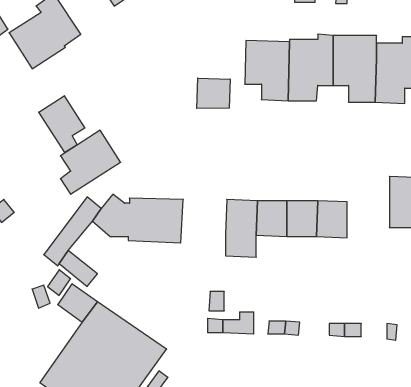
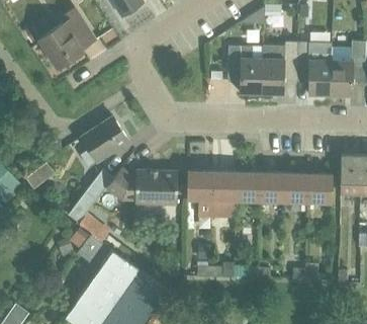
building: [197,78,230,108] -> none
building: [39,96,85,153] -> none
building: none -> [187,172,212,217]
building: none -> [307,174,333,202]

